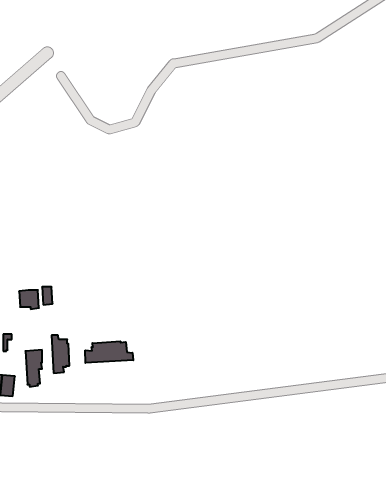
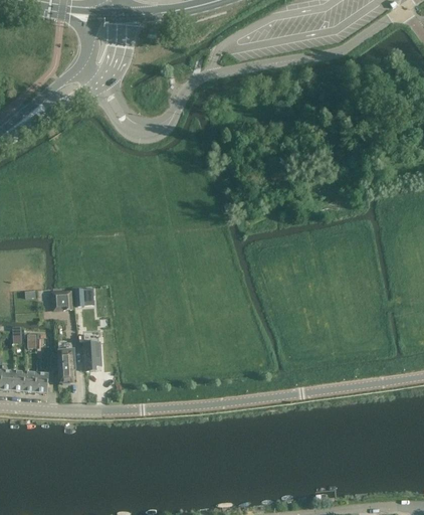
building: [85,341,133,363] -> none

